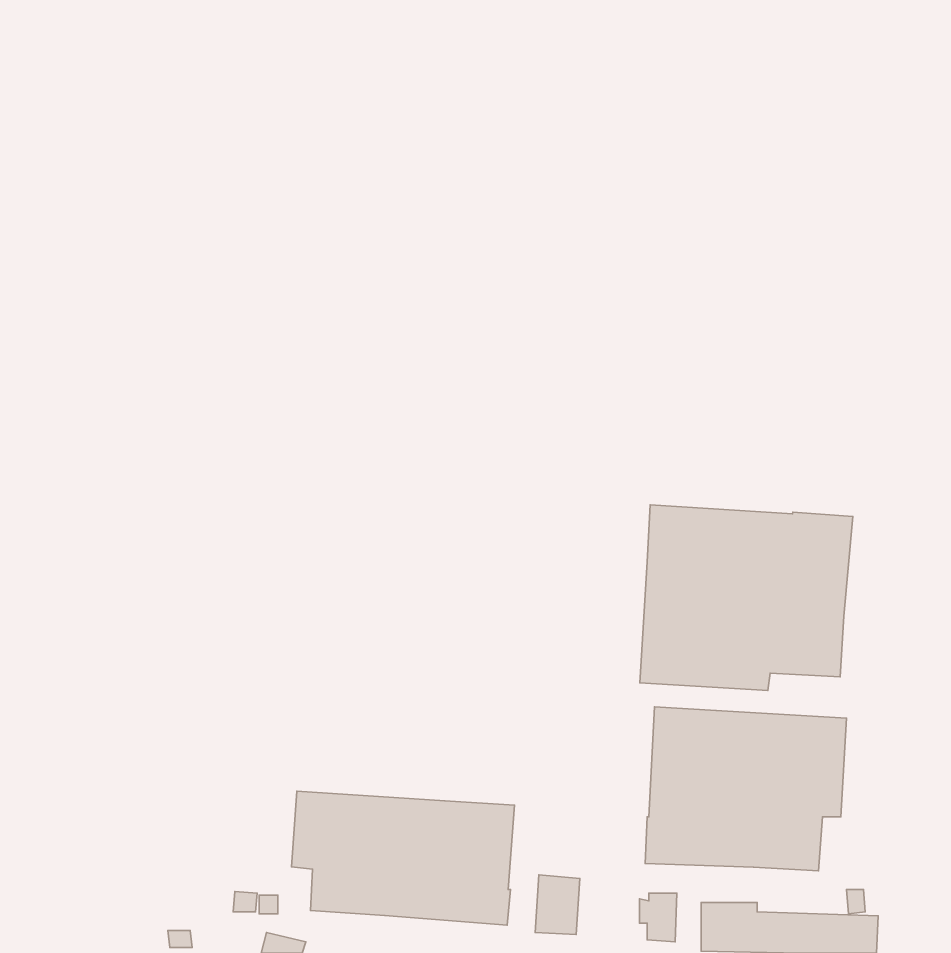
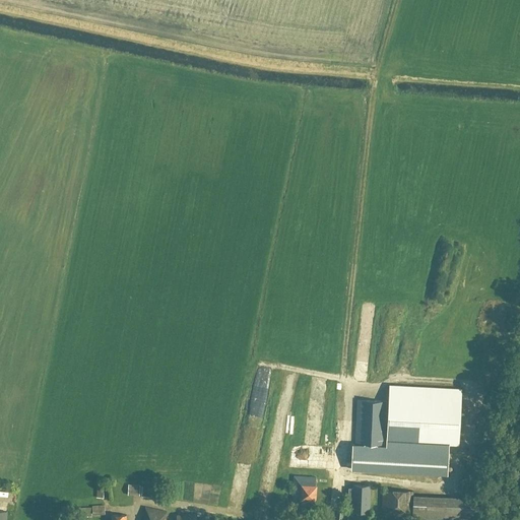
building: [640,505,853,690] -> none
building: [292,791,515,925] -> none

